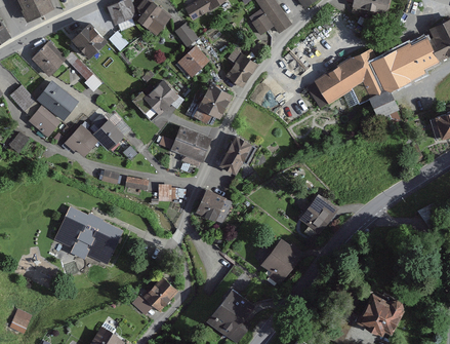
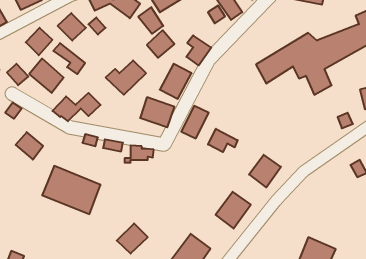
building: [28,106,60,139] -> [16,132,43,160]
building: none -> [208,129,238,152]
building: [195,189,224,222] -> none

